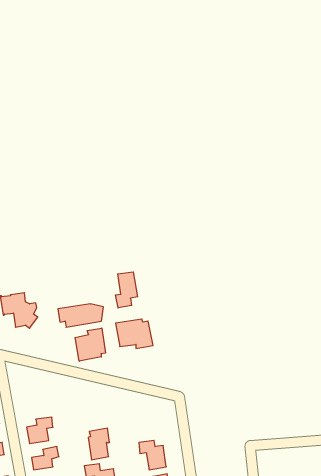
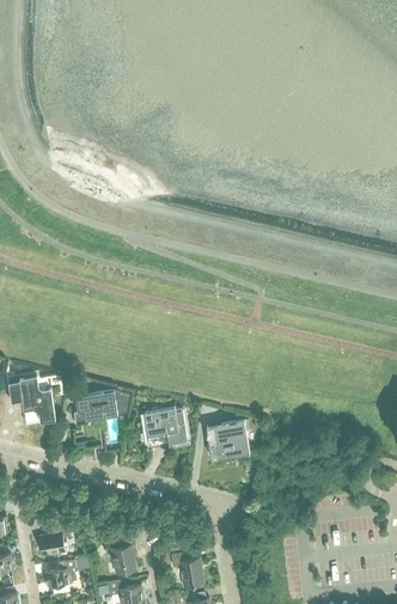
building: [115,272,138,308] -> none
building: [75,328,105,361] -> none
building: none -> [207,422,250,460]

